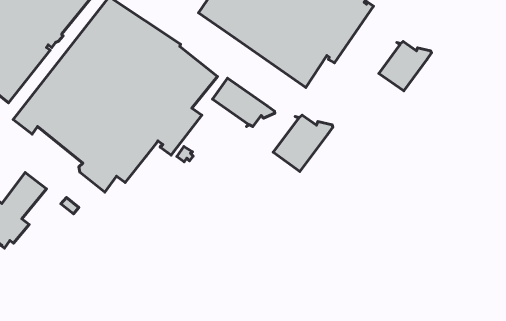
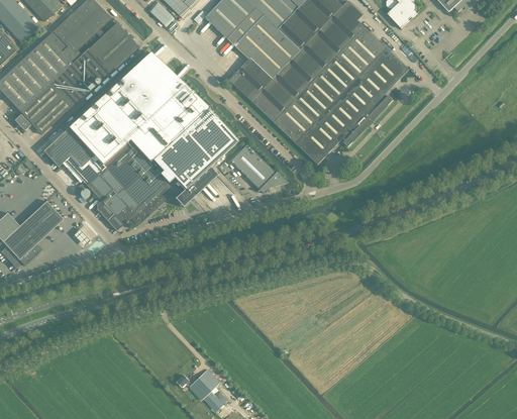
building: [379,42,431,91] -> none
building: [273,115,333,171] -> none

